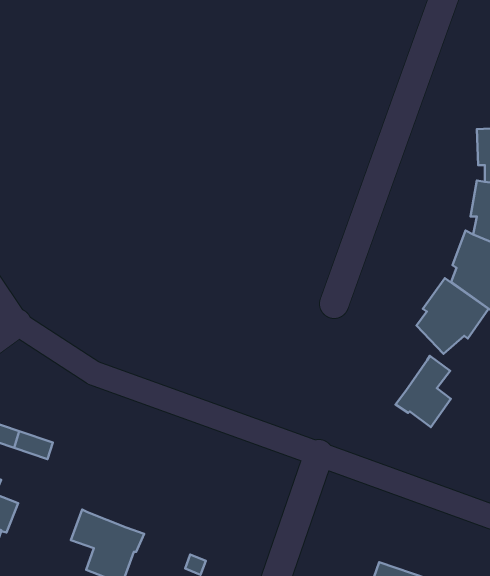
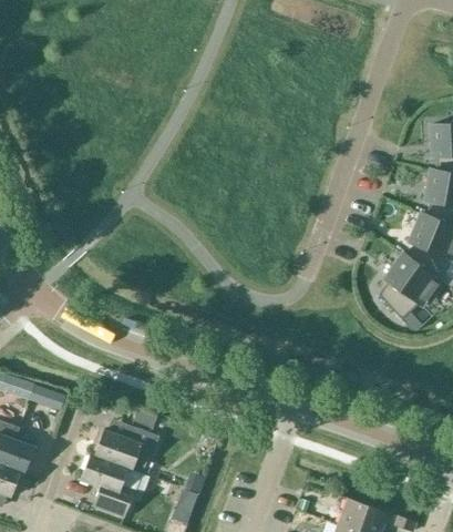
building: [396,356,451,427] -> none
building: none -> [94,424,158,473]

